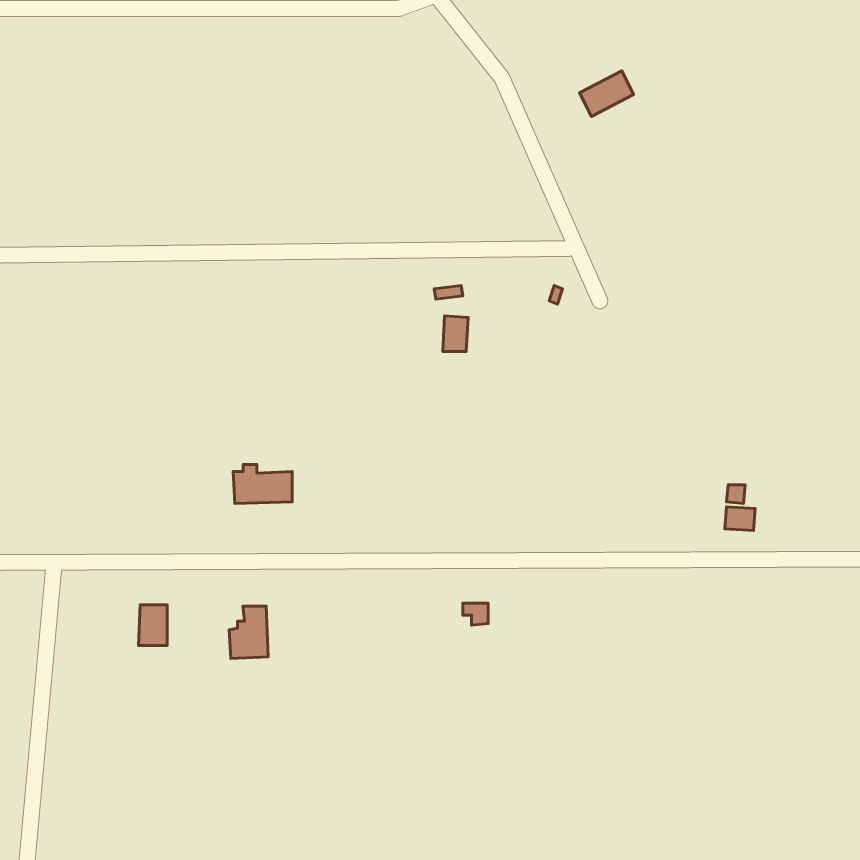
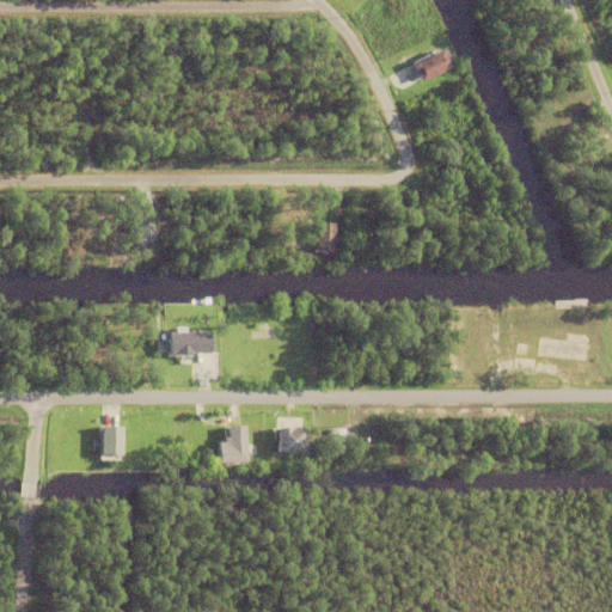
building: none -> [280,424,308,449]
building: [229,606,268,658] -> [218,428,245,465]

